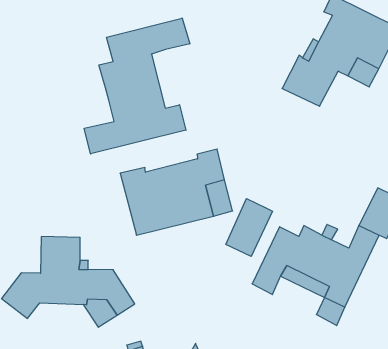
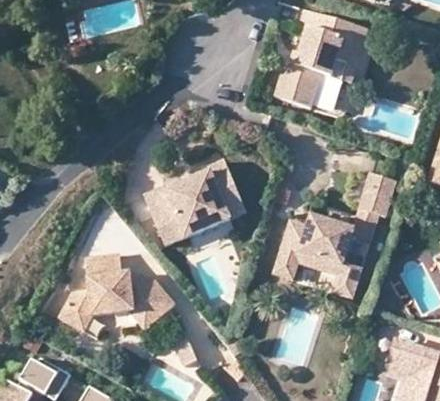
building: [84,18,190,154] -> none
building: [226,199,273,256] -> none

